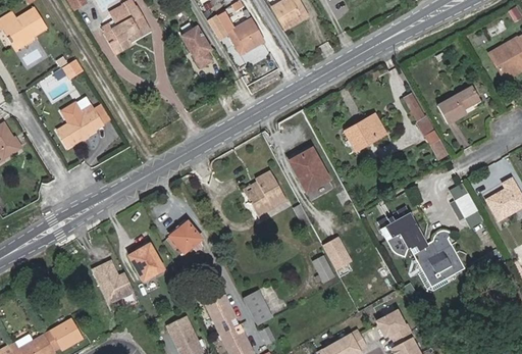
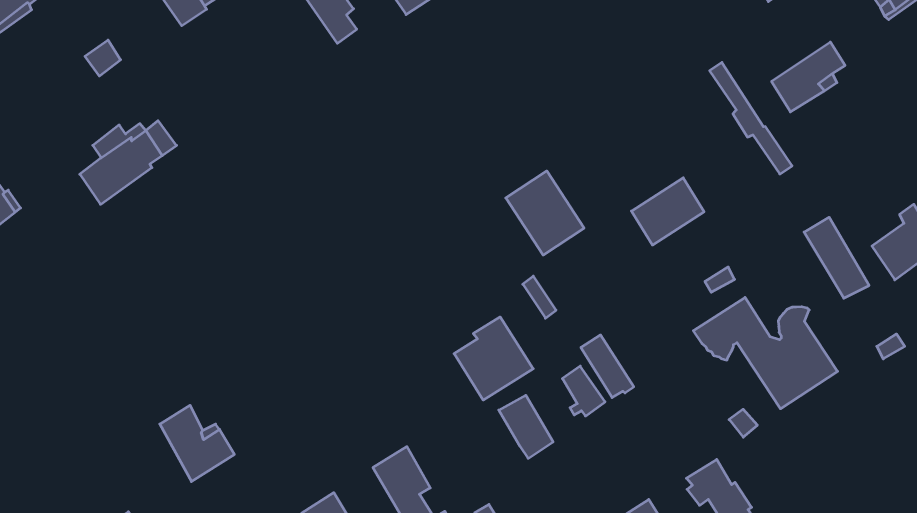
building: [346,114,385,150] -> [631,178,704,245]
building: [244,170,286,215] -> [454,317,533,400]
building: [169,221,202,254] -> none
building: [127,243,163,281] -> none
building: [243,291,271,325] -> [499,395,553,458]

